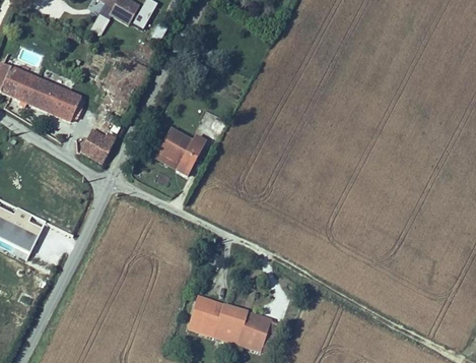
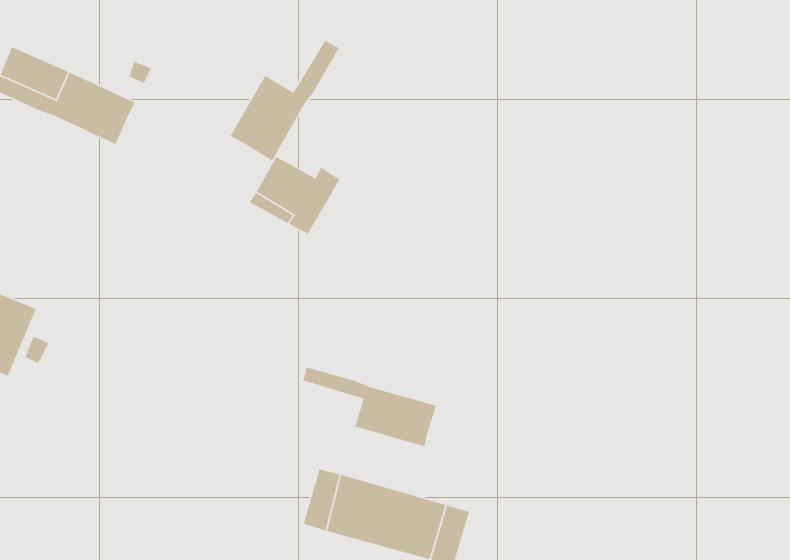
building: none -> [229,40,340,161]
building: [86,122,117,158] -> none
building: none -> [303,366,437,447]

